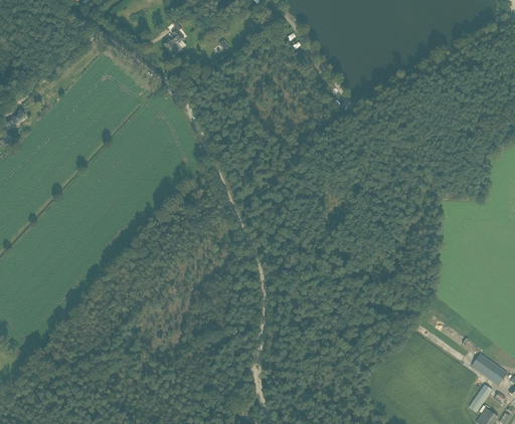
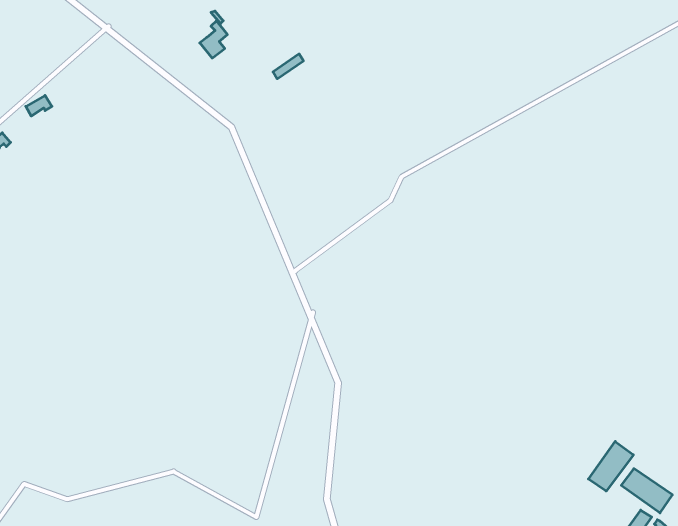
building: none -> [588,441,633,491]

